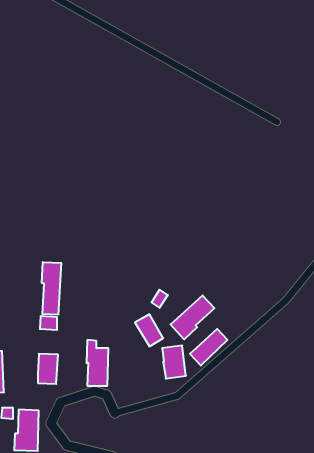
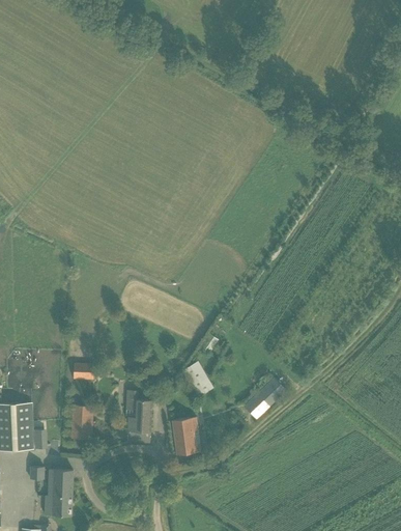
building: [42,262,61,315] -> none
building: [170,295,214,339] -> none
building: [162,346,186,379] -> [172,416,199,453]

